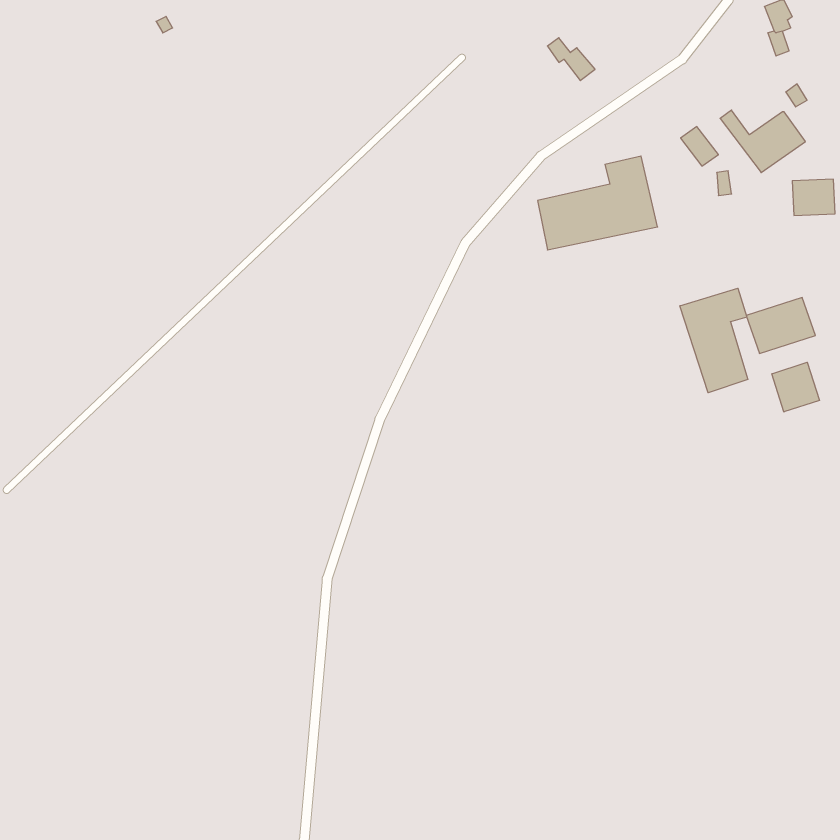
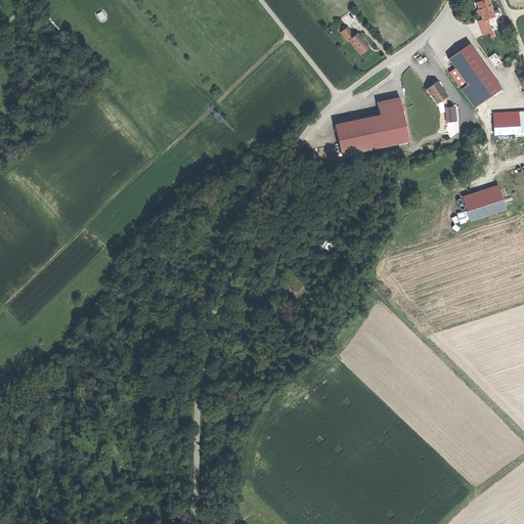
building: none -> [447,43,487,84]
building: [680,288,748,393] -> none
building: [772,362,819,412] -> none

